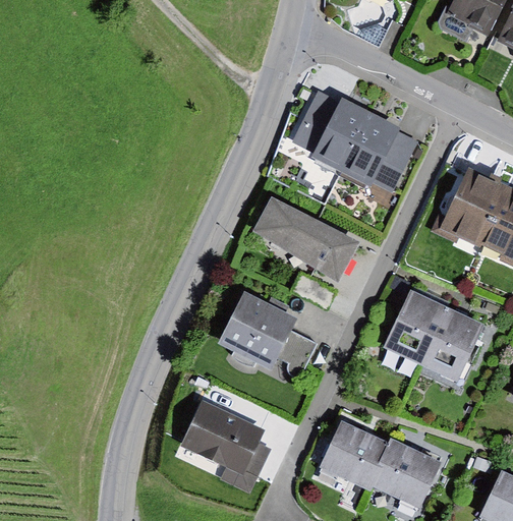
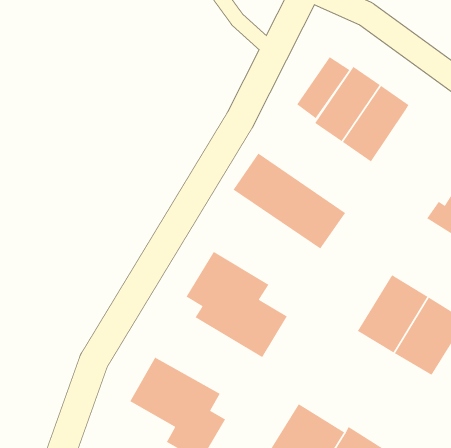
building: [376,133,421,194] -> none

